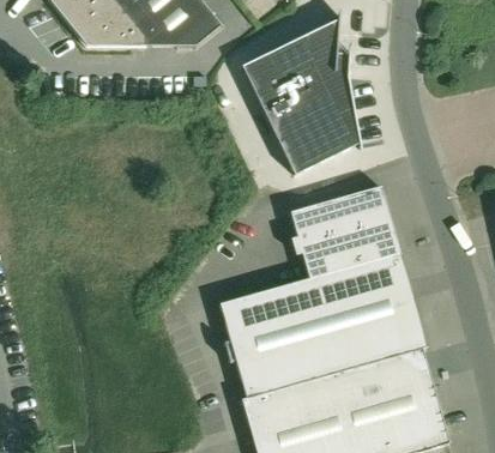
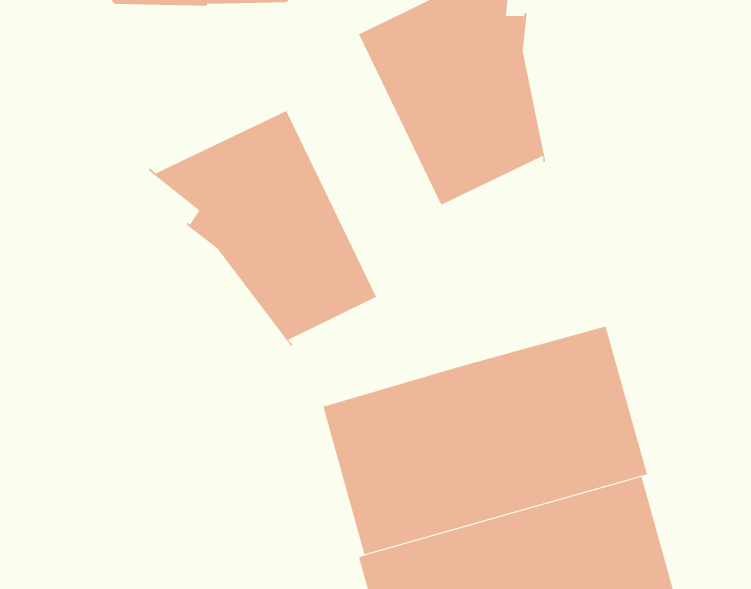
building: none -> [148,110,377,347]
building: [290,185,399,276] -> none

